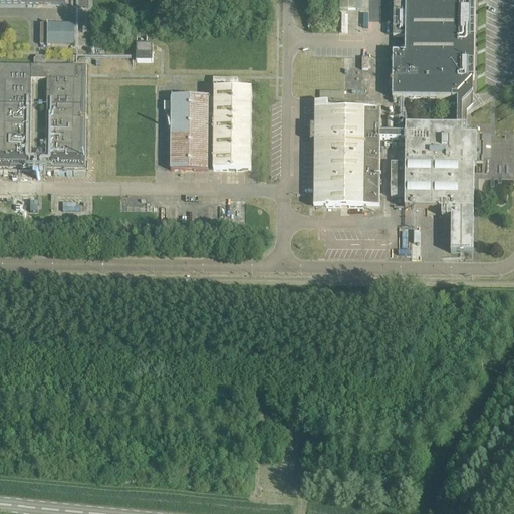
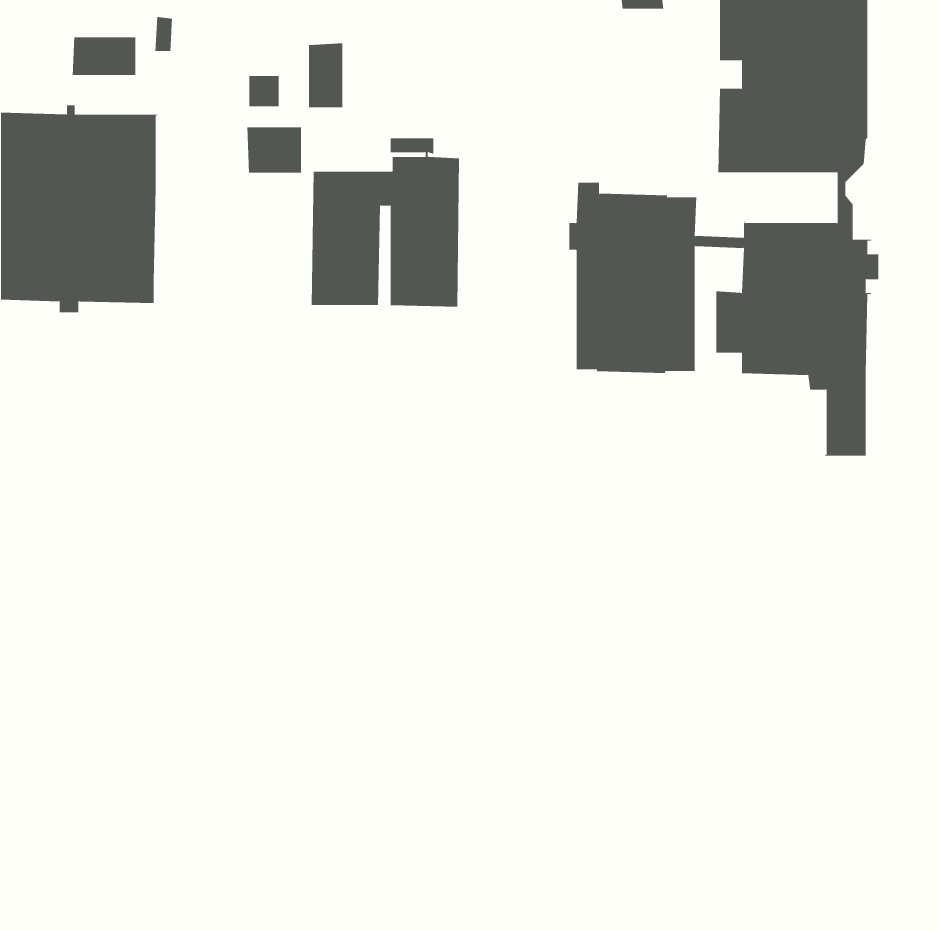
building: none -> [308,43,343,108]
building: none -> [247,127,301,174]

